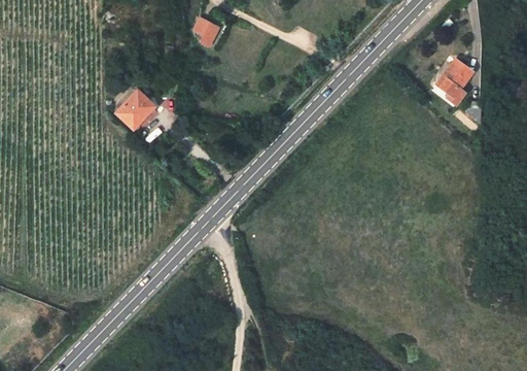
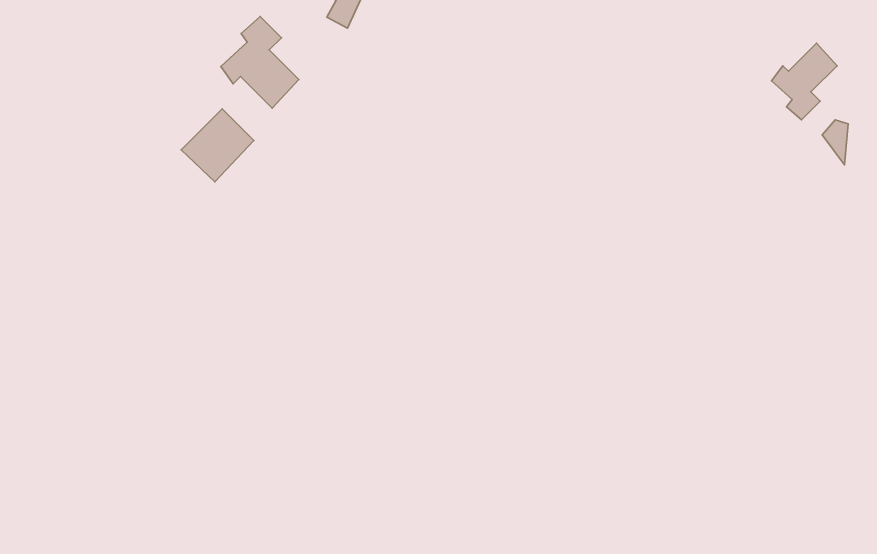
building: none -> [221,17,299,108]

